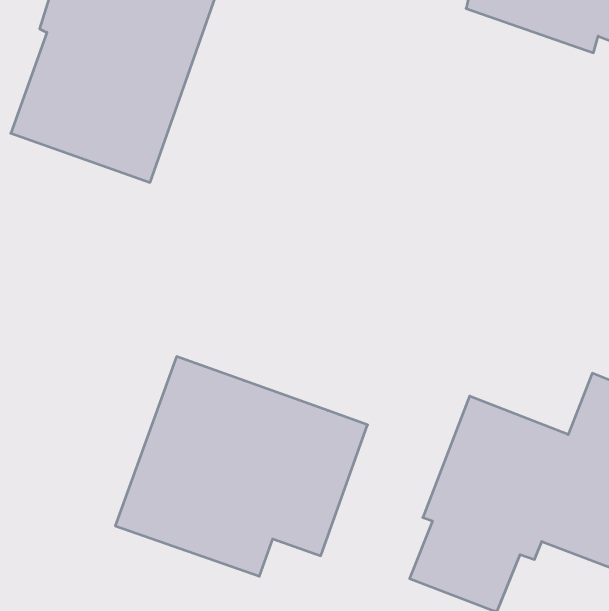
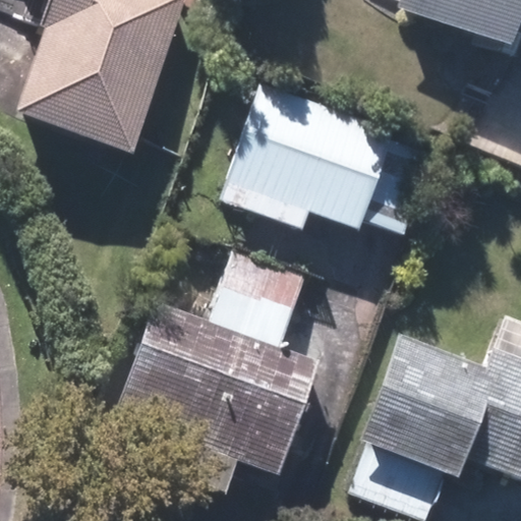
building: none -> [220,83,430,232]
building: none -> [211,247,307,348]

